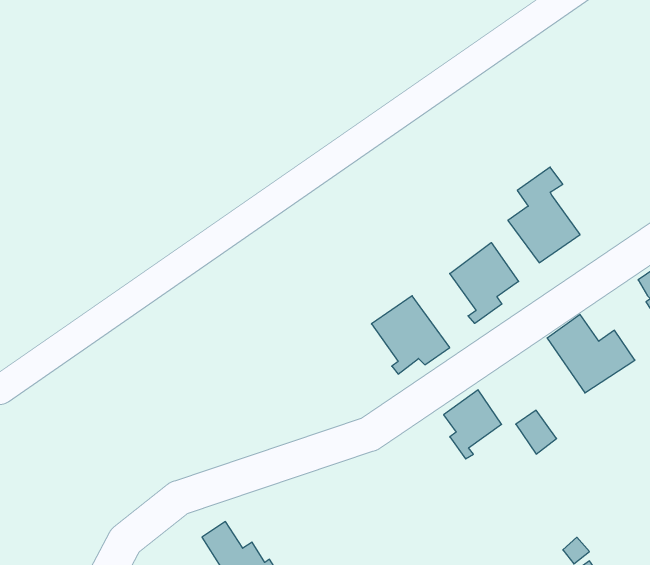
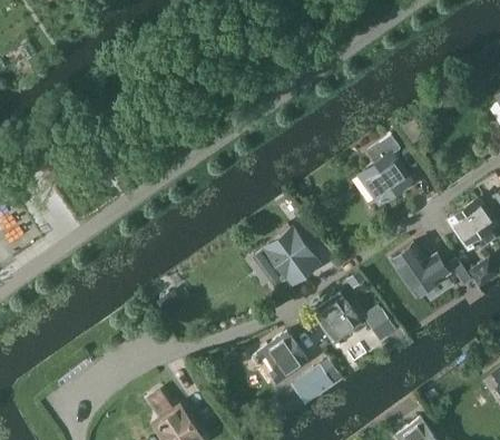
building: [450,243,519,323] -> none
building: none -> [257,338,306,379]
building: none -> [292,365,333,403]

